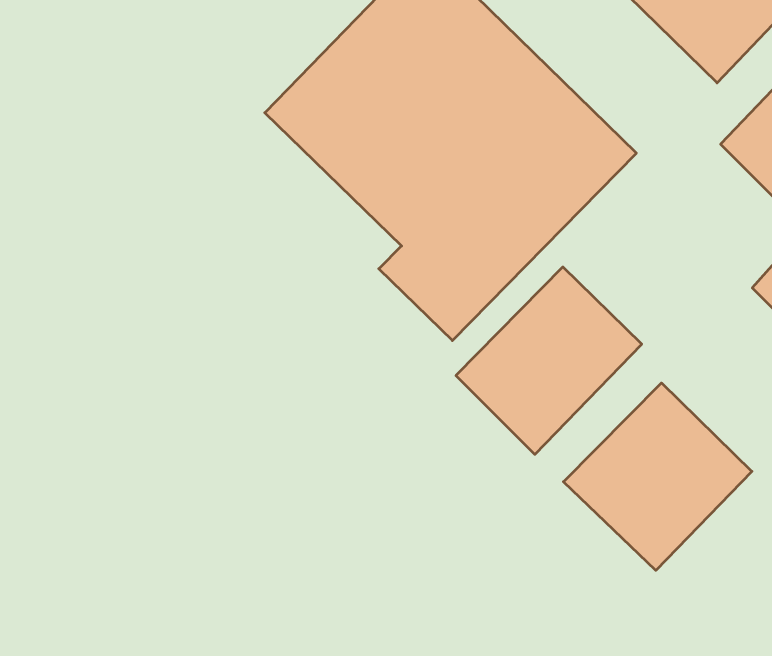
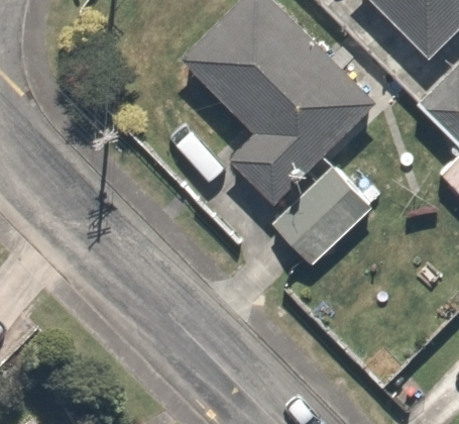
building: [563,383,752,570] -> none

